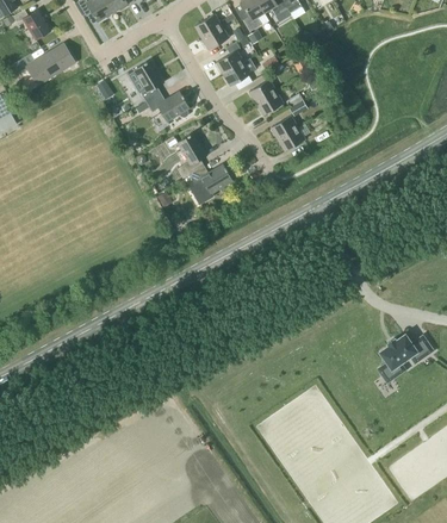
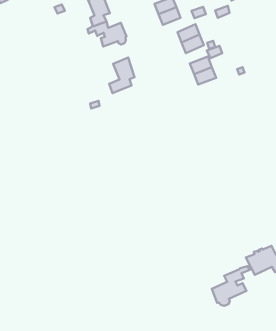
building: [190,164,232,201] -> none
building: none -> [212,266,250,306]

